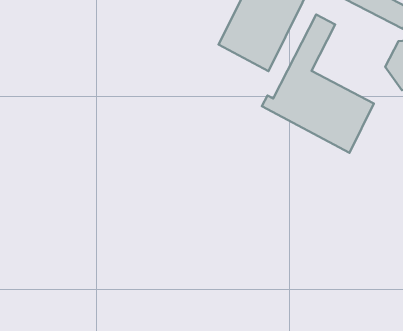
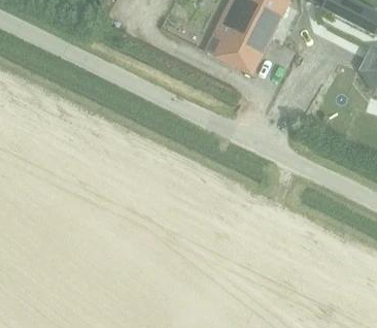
building: [262,14,374,153] -> none

